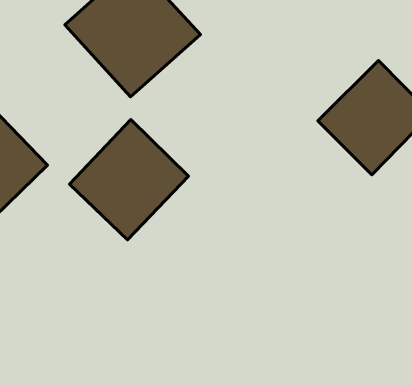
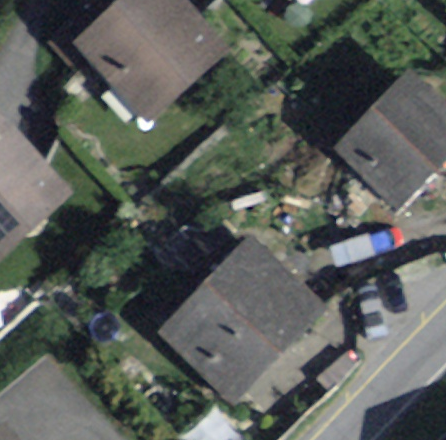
building: [70,120,189,240] -> none
building: none -> [163,251,310,399]

